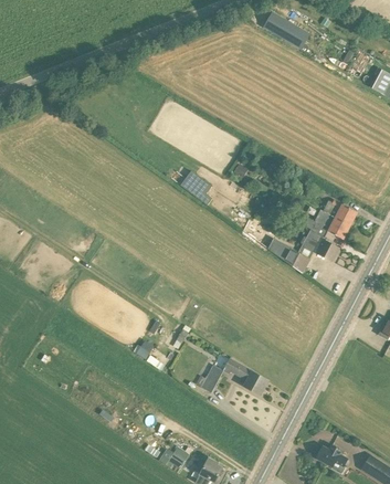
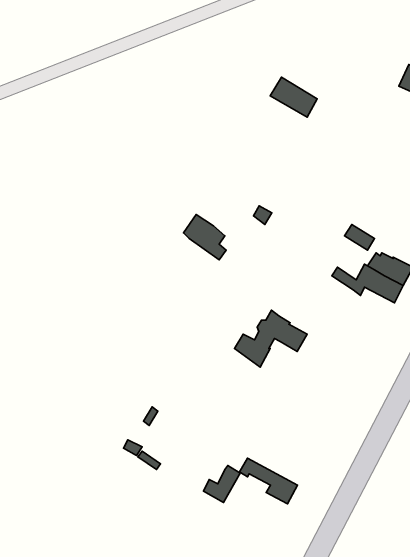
building: [263,12,299,43] -> [270,77,317,117]
building: [282,229,338,273] -> [234,310,307,367]

